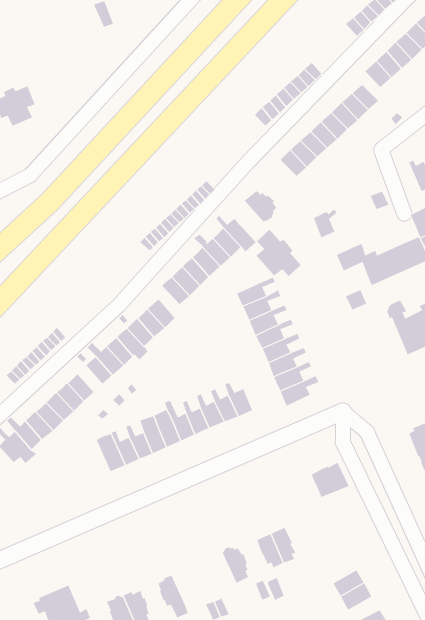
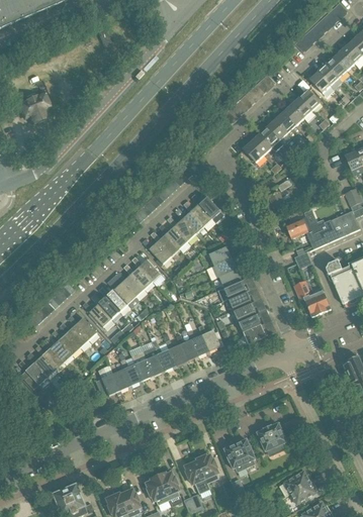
building: [244,190,277,222] -> none
building: [255,229,301,277] -> none
building: none -> [294,280,331,316]
building: [311,462,349,498] -> [257,422,287,450]
building: none -> [185,458,210,493]
building: none -> [158,472,180,500]

